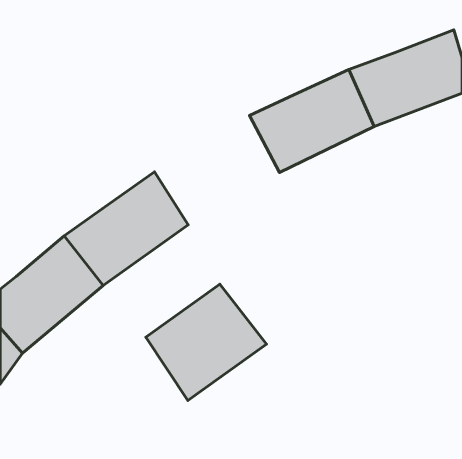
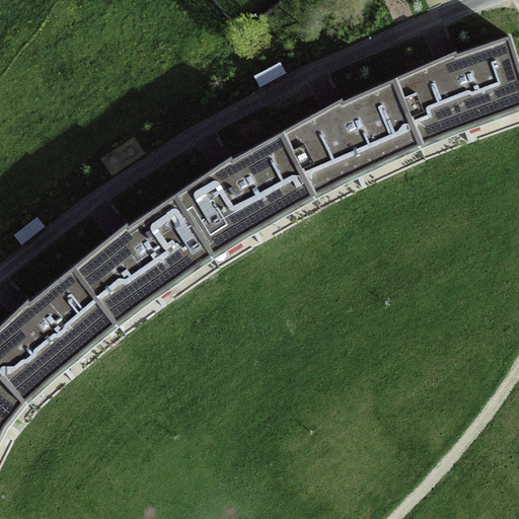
building: none -> [173,133,313,255]
building: [146,284,266,400] -> none

